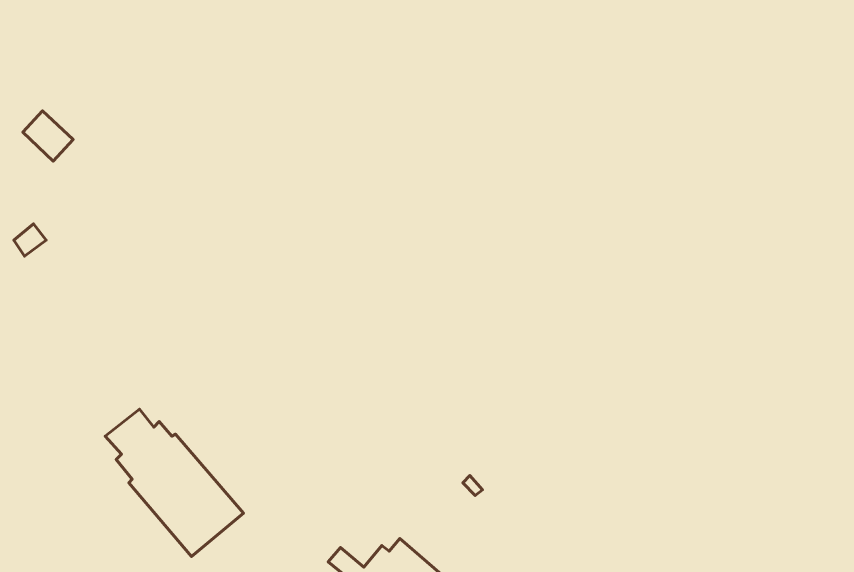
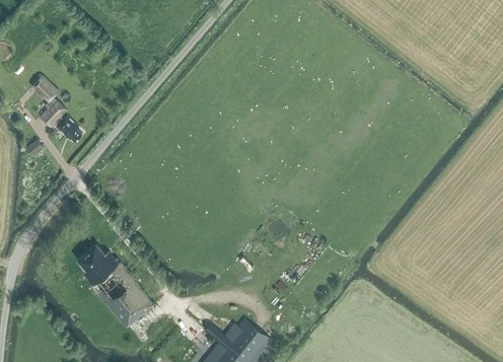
building: none -> [38,99,81,141]

